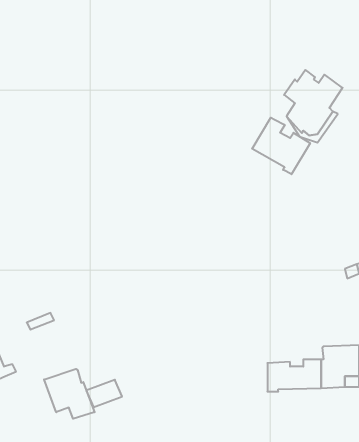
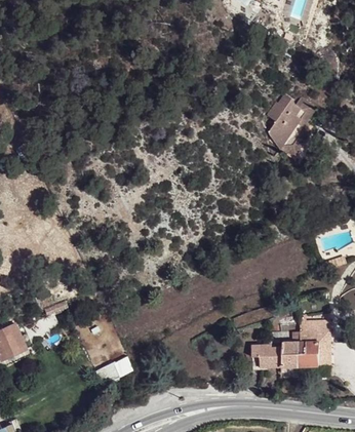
building: [252,118,310,174] -> none
building: [44,369,95,419] -> none

